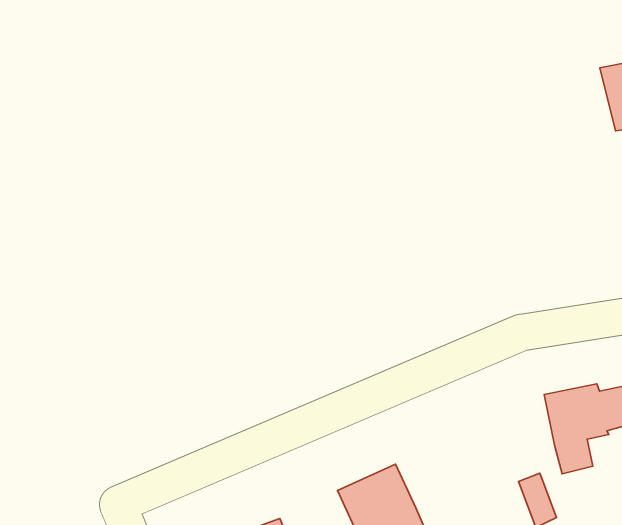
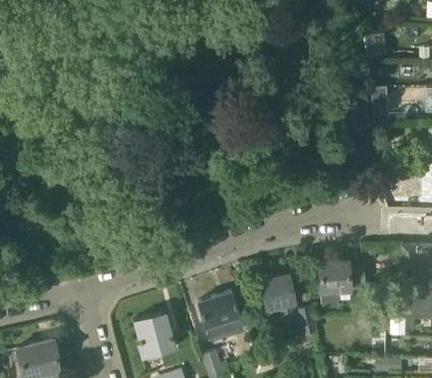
building: none -> [259,274,296,323]

